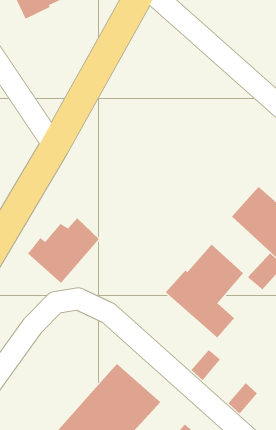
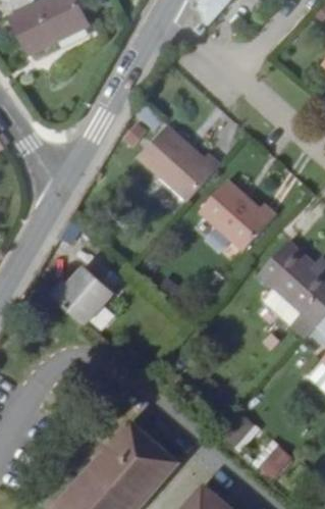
building: none -> [134,120,217,198]
building: none -> [194,174,272,246]
building: [165,244,244,339] -> none

